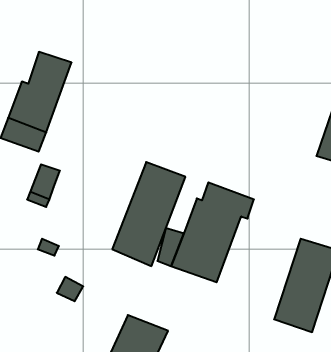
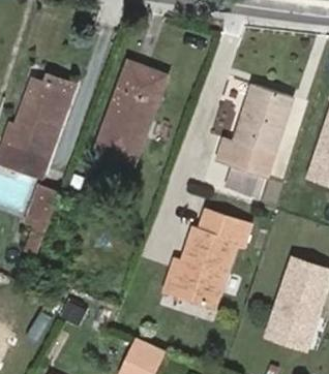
building: none -> [217,87,292,194]
building: [112,162,185,266] -> [95,64,167,165]

